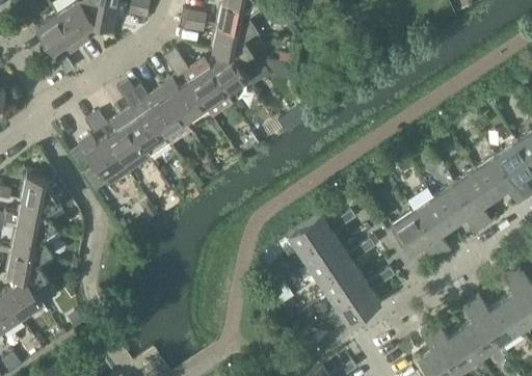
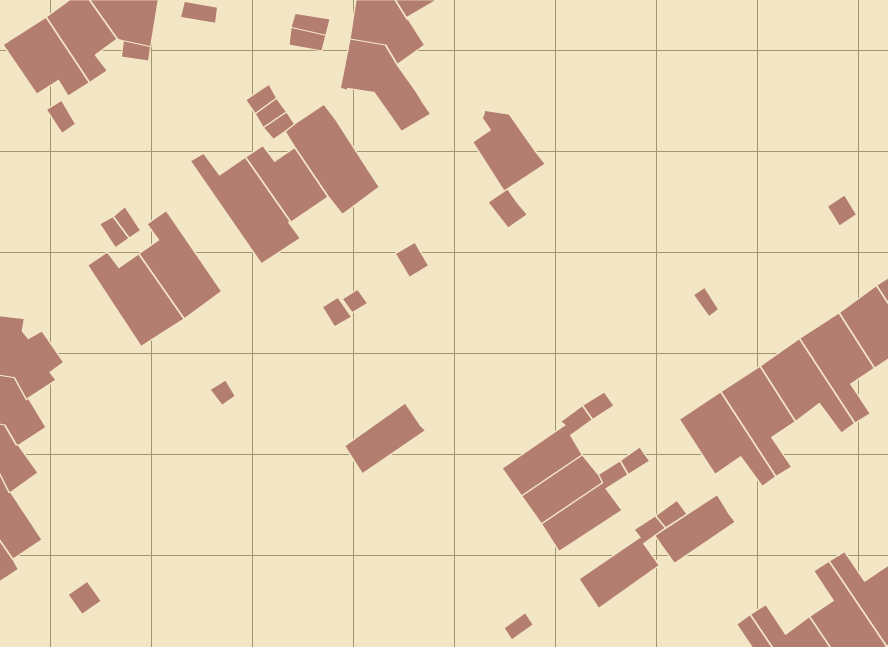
building: [210,51,248,93] -> [472,110,545,191]
building: [116,81,170,158] -> none
building: [288,214,330,251] -> [345,403,425,474]
building: [327,273,370,310] -> [655,494,735,563]

